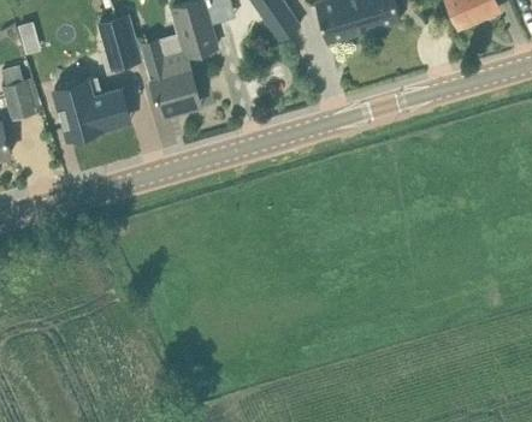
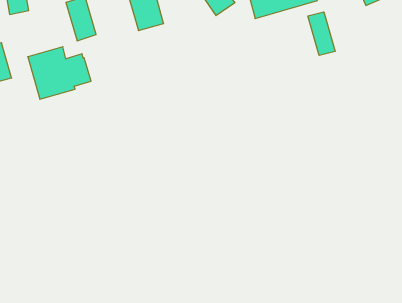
building: none -> [308,12,335,55]
building: [144,52,200,114] -> none

